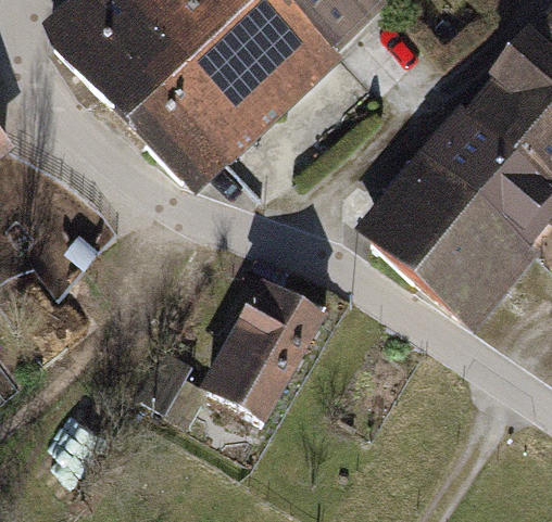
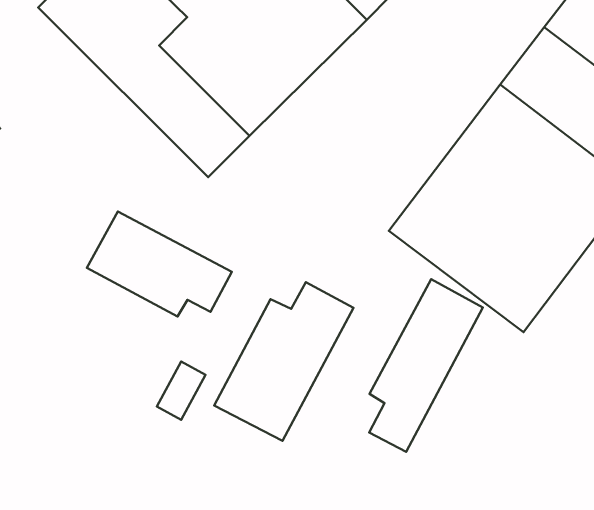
building: none -> [87,211,232,316]
building: none -> [369,279,483,452]

